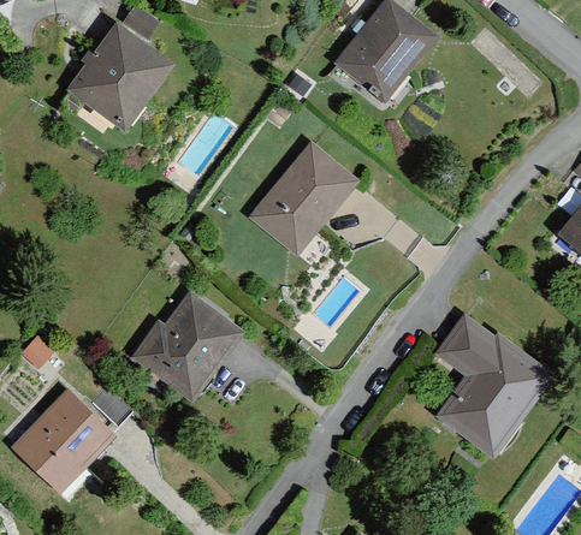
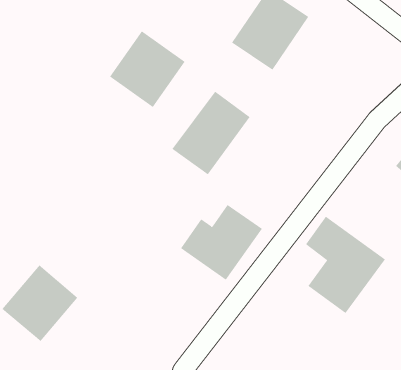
building: [65,20,173,130] -> [109,30,186,108]
building: [123,295,239,403] -> [180,204,263,281]

